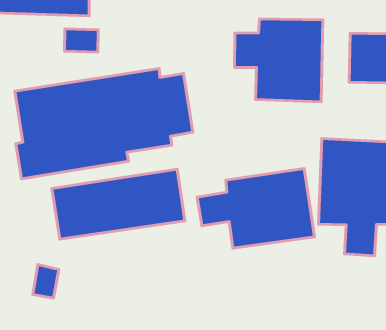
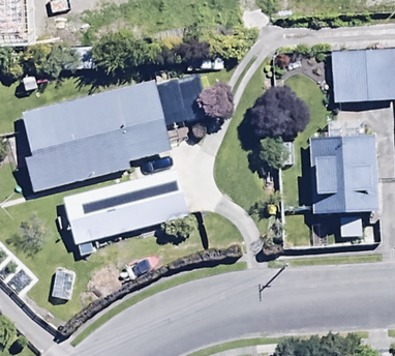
building: [234,19,323,102] -> none
building: [197,168,314,248] -> none

